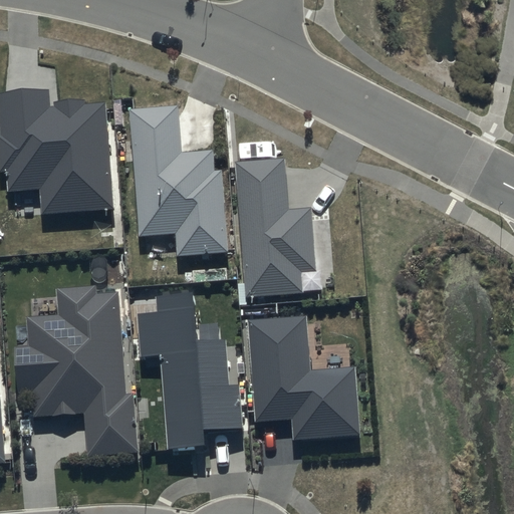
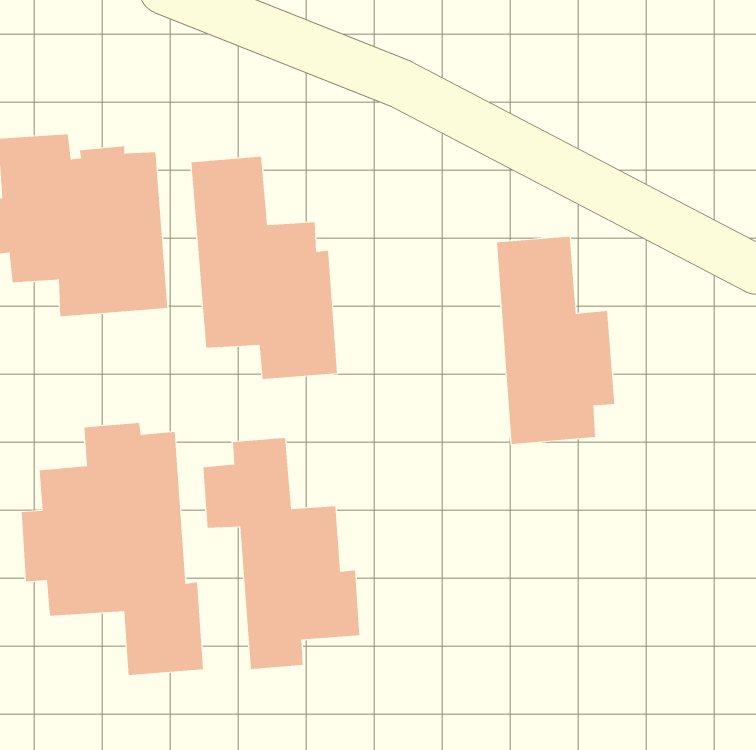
building: [235,157,315,297] -> [496,236,615,444]
building: [247,315,360,440] -> none

